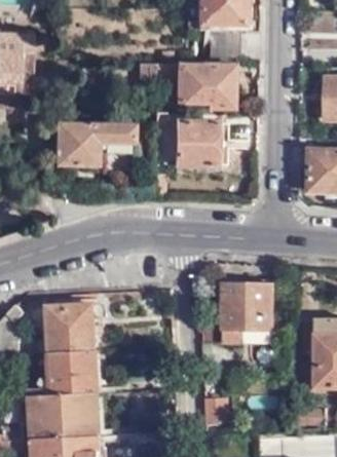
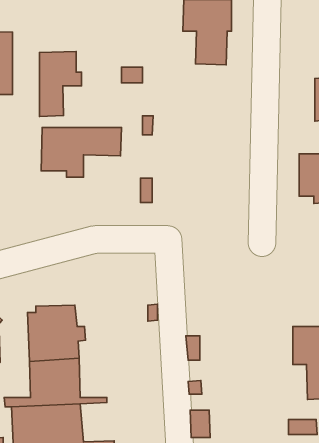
building: none -> [39,52,82,117]
building: [175,66,232,109] -> none
building: [174,122,254,167] -> none
building: [222,282,274,361] -> none

